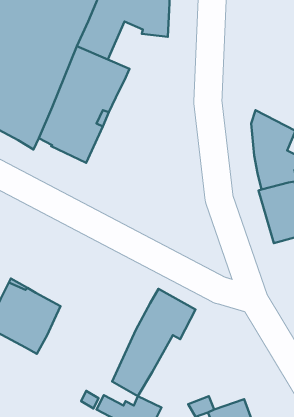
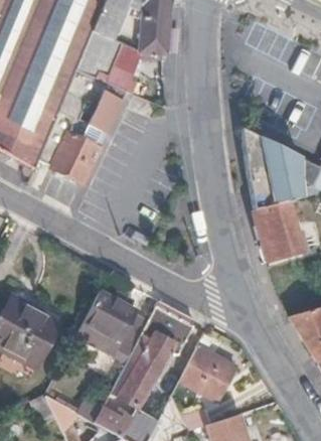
building: none -> [76,290,148,349]
building: none -> [180,345,235,401]

